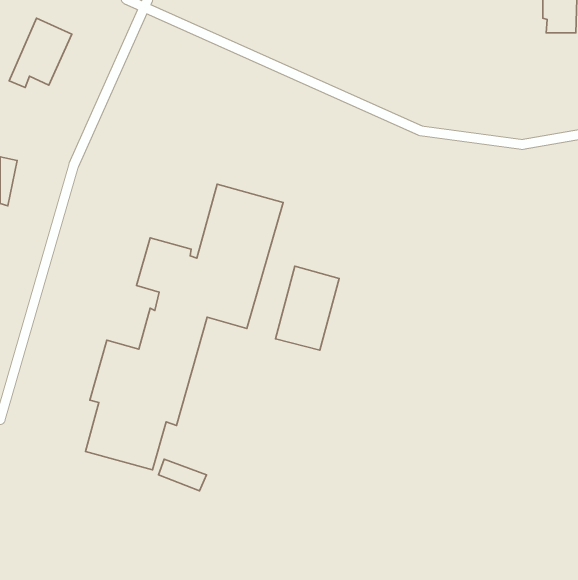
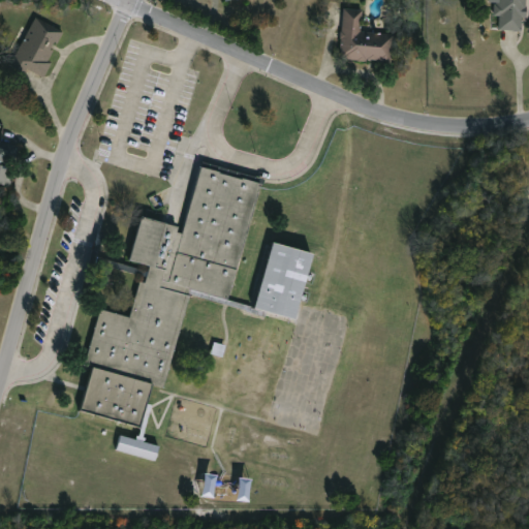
building: none -> [343,9,396,62]
building: [159,459,206,491] -> [118,433,161,462]

